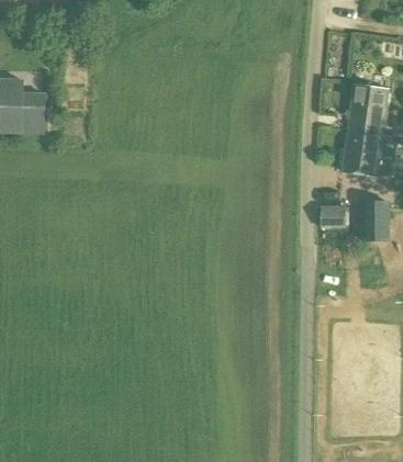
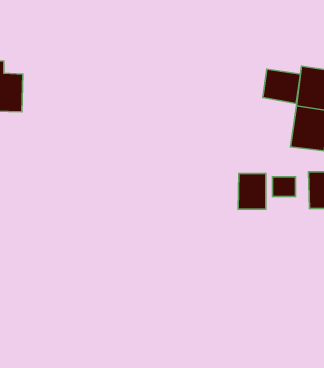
building: none -> [263,69,300,104]
building: none -> [238,173,266,209]

